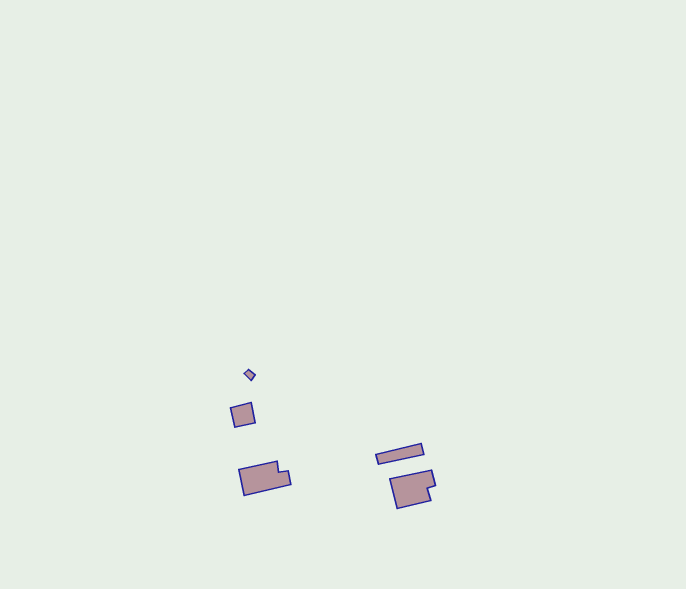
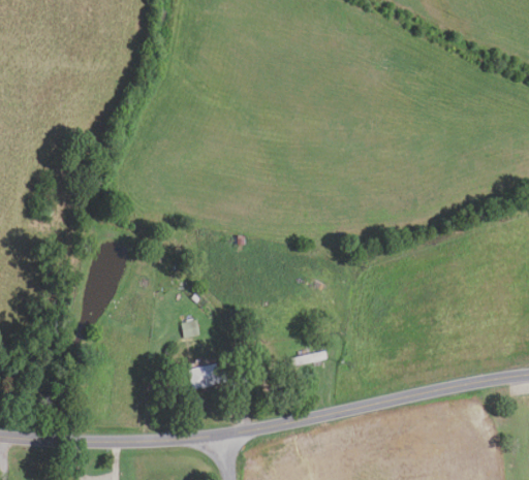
building: [390,470,435,509] -> none

